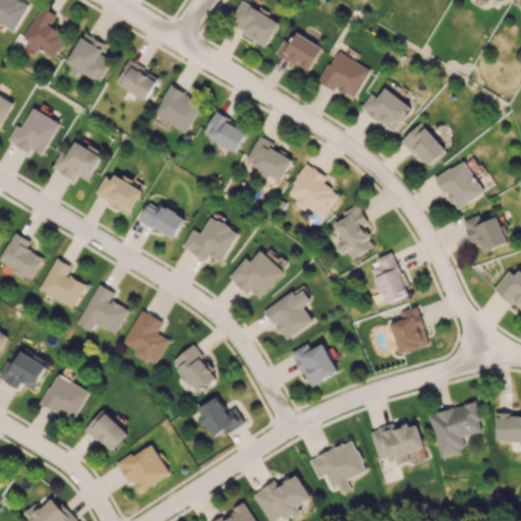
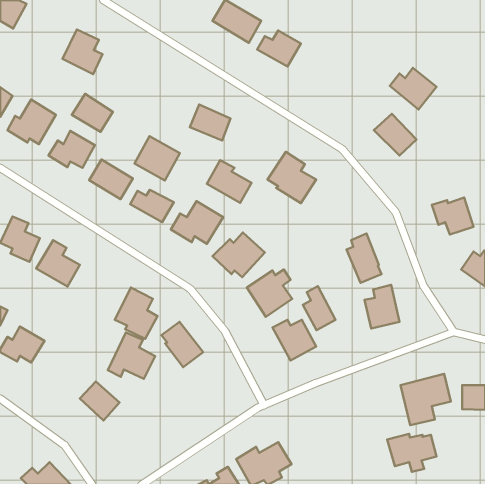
building: [21,7,68,59] -> none
building: [320,51,370,100] -> none
building: [115,60,159,101] -> [72,94,113,132]
building: [154,85,202,133] -> [134,136,180,181]
building: [361,88,411,132] -> [390,68,437,110]
building: [245,135,293,181] -> [207,160,252,203]
building: [436,160,484,211] -> none
building: [334,205,374,260] -> none
building: [77,284,128,334] -> [108,332,155,379]
building: none -> [303,286,336,330]
building: [41,374,90,421] -> none
building: [195,397,245,438] -> none
building: [370,424,423,465] -> [387,434,437,472]
building: [309,441,366,494] -> none
building: [117,443,170,493] -> none

